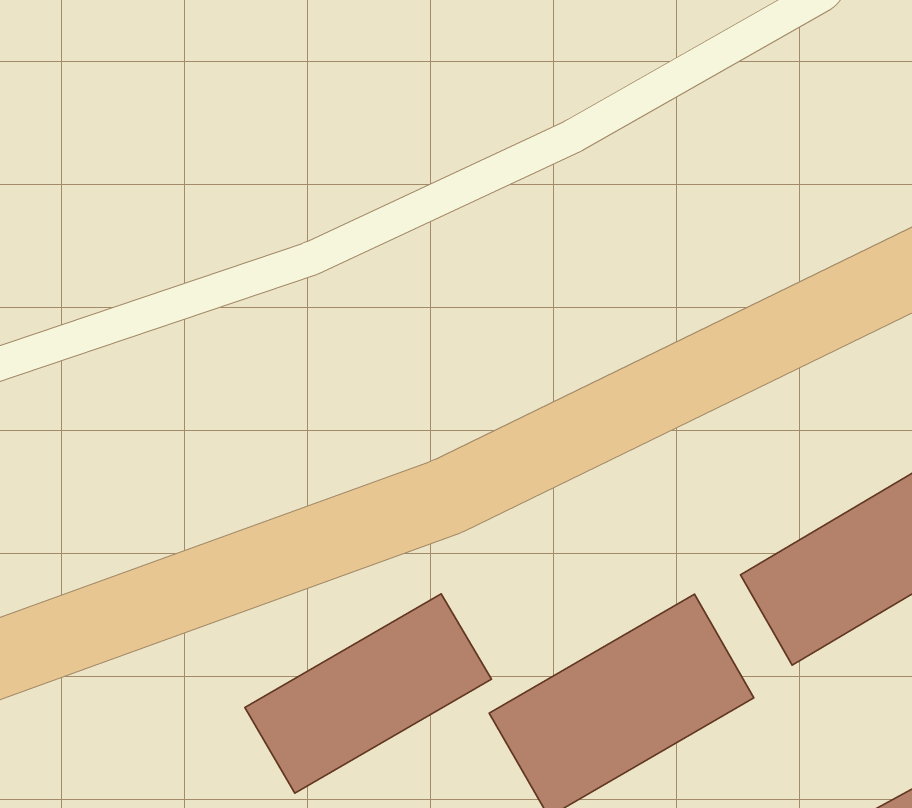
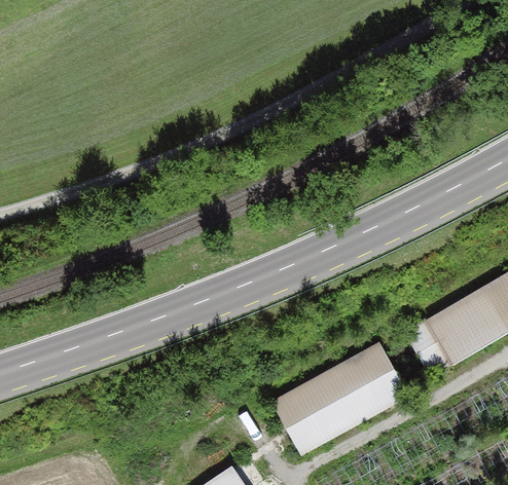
building: [245,594,491,793] -> none

